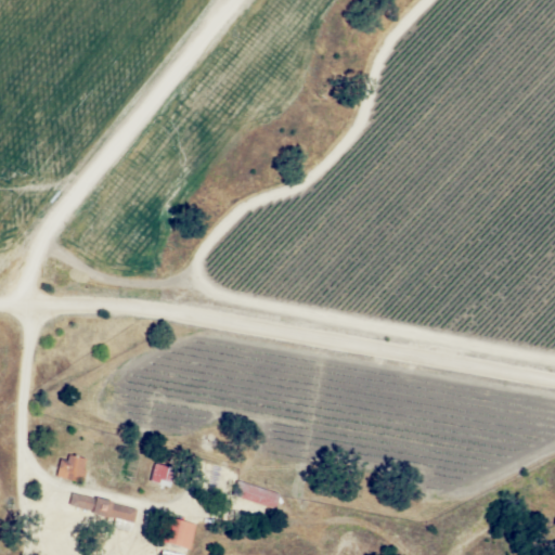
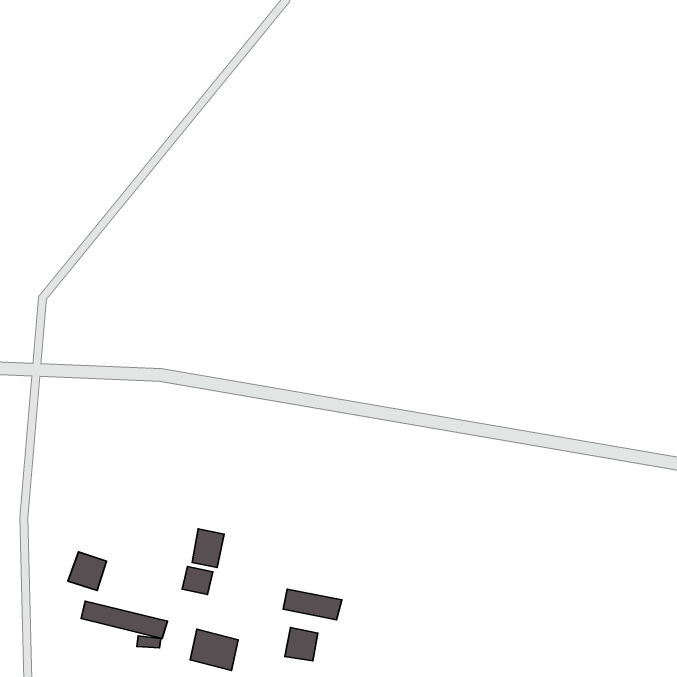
building: none -> [192,529,224,567]
building: none -> [285,628,318,661]

